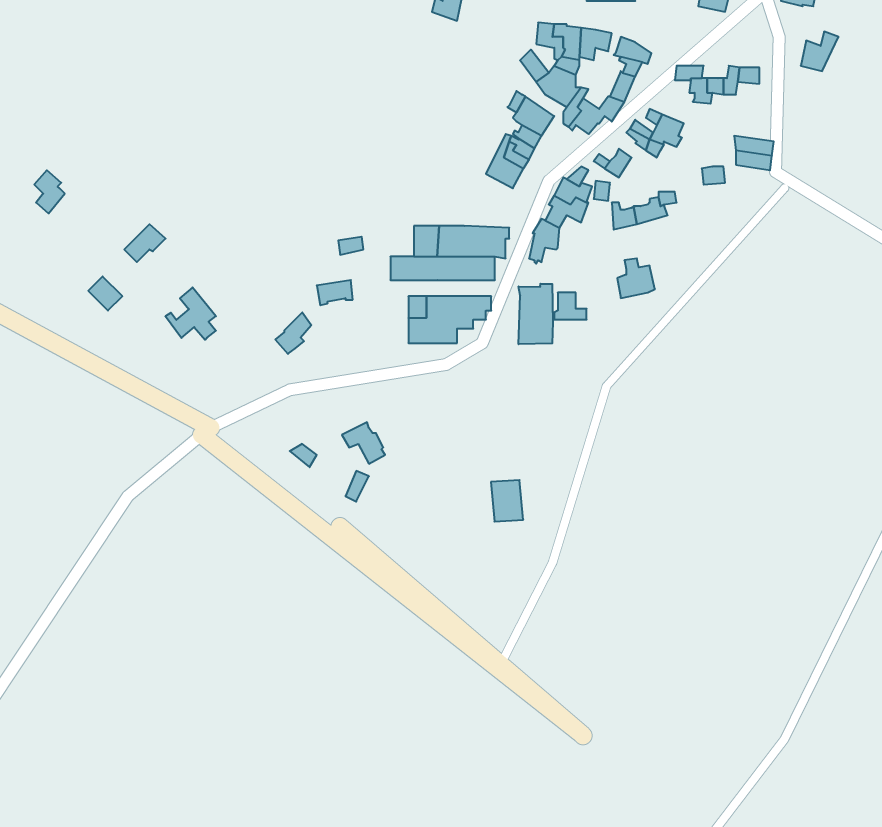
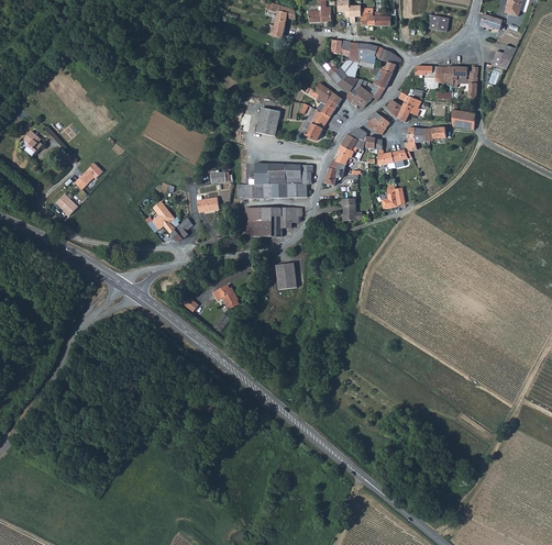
building: none -> [256,109,280,137]
building: [519,284,553,344] -> none
building: [165,287,216,340] -> [145,202,176,234]
building: [491,480,523,522] -> [276,263,296,288]

